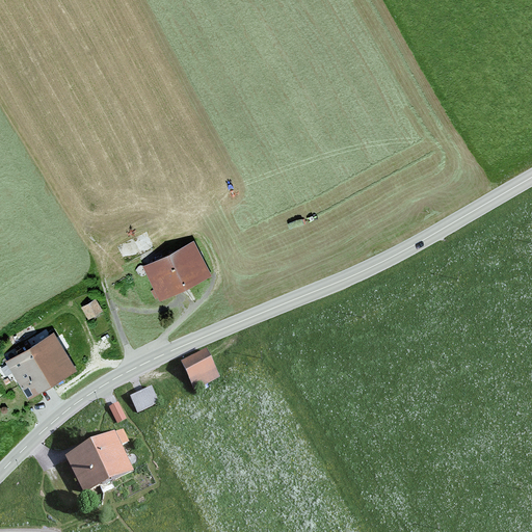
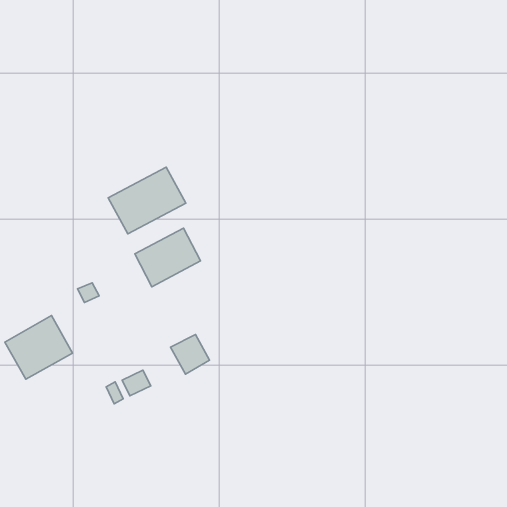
building: none -> [108,167,186,234]
building: [66,432,134,495] -> none

